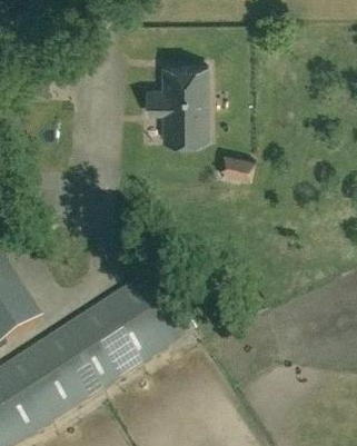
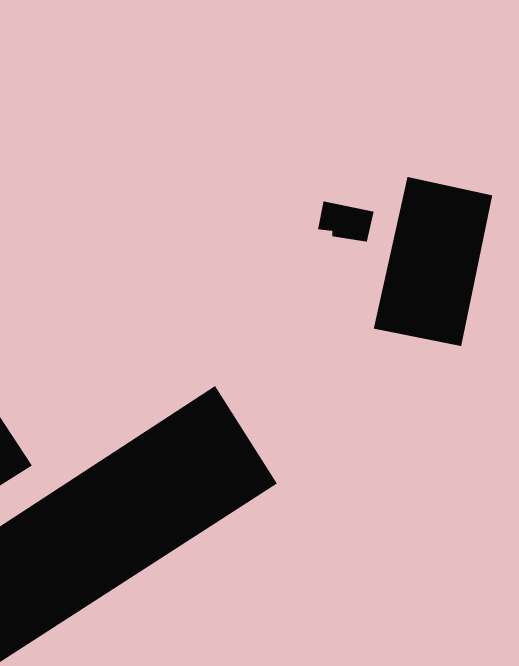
building: [148,62,208,137] -> none
building: none -> [373,176,493,347]

